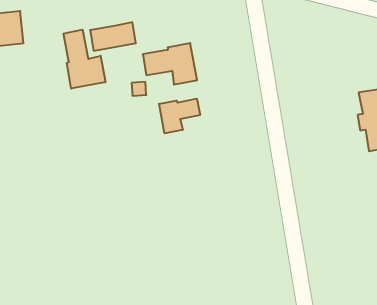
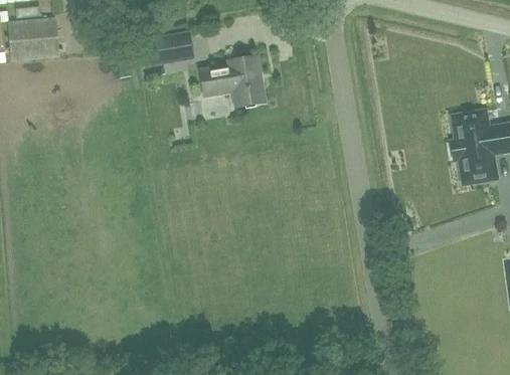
building: [63,30,105,89] -> none
building: [159,99,200,133] -> none

